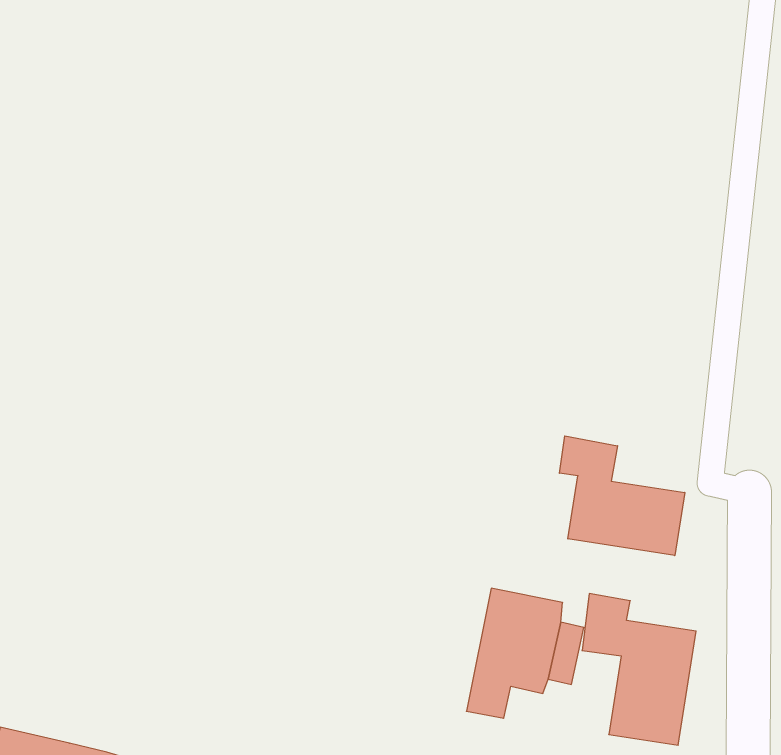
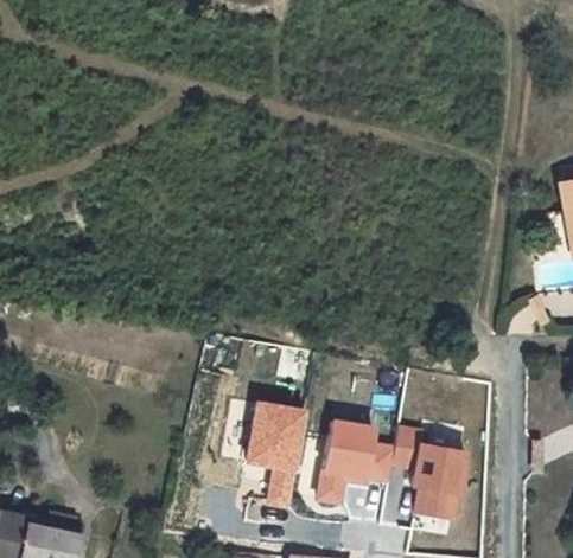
building: [559,436,685,556] -> none
building: none -> [247,400,310,506]

